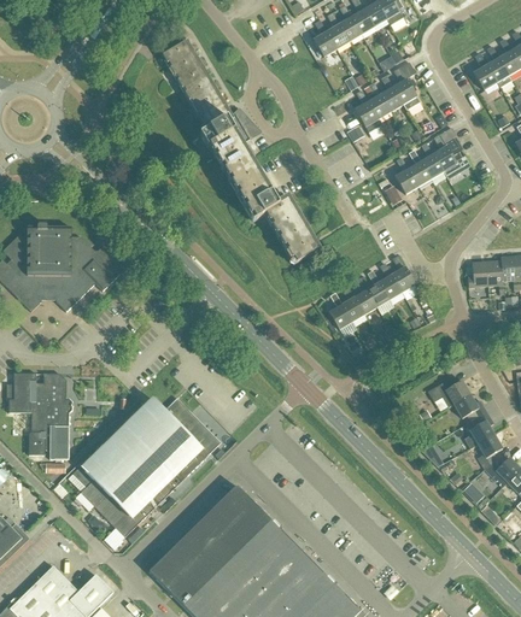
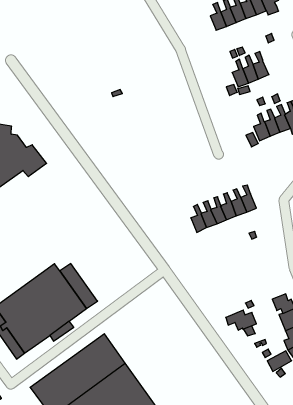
building: [162,42,316,263] -> none
building: [392,63,418,111] -> none
building: [428,378,470,406] -> [226,310,256,330]

